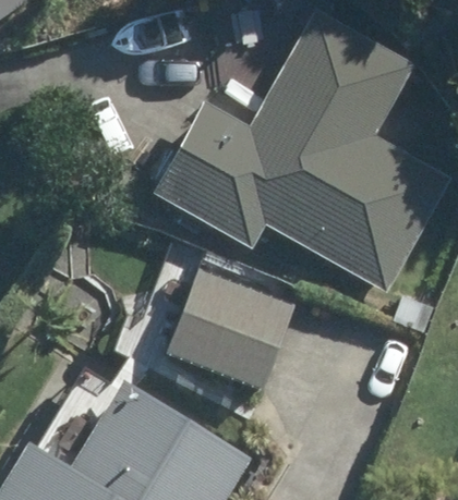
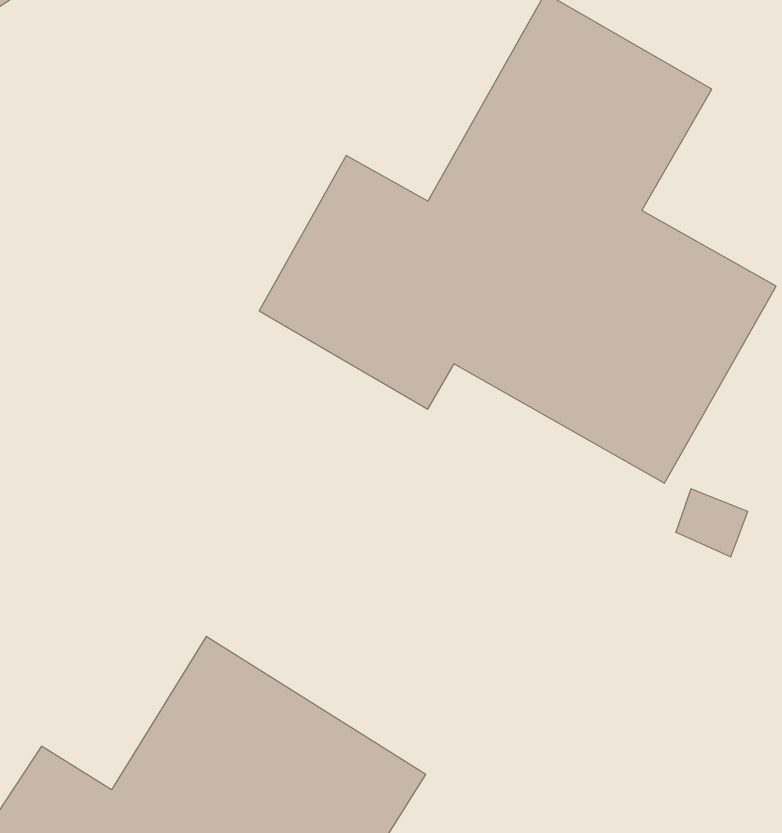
building: [168,270,294,389] -> none

